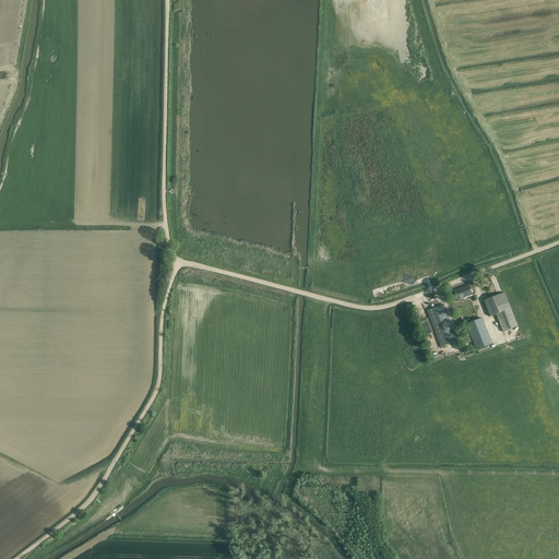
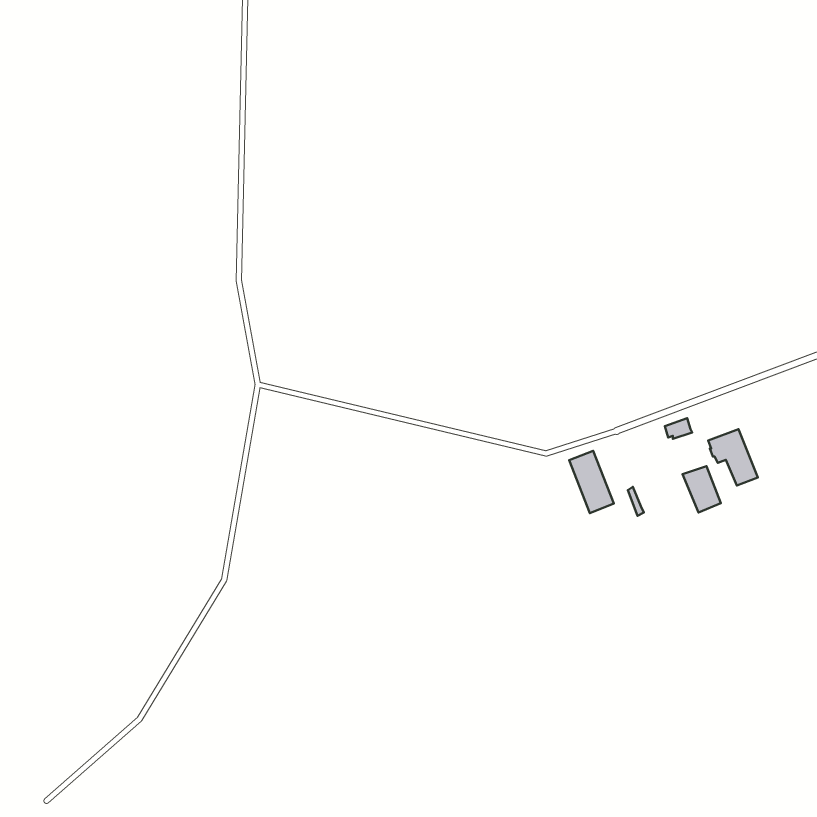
building: [426,304,456,346] -> [569,451,614,513]

